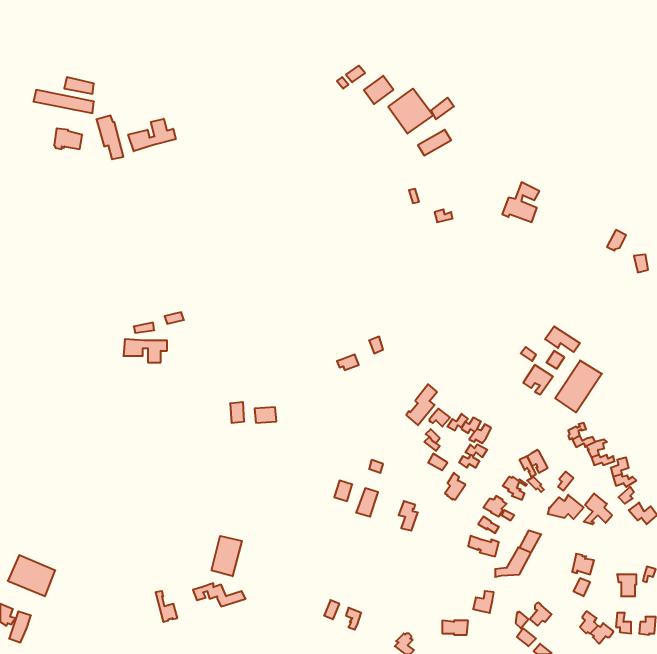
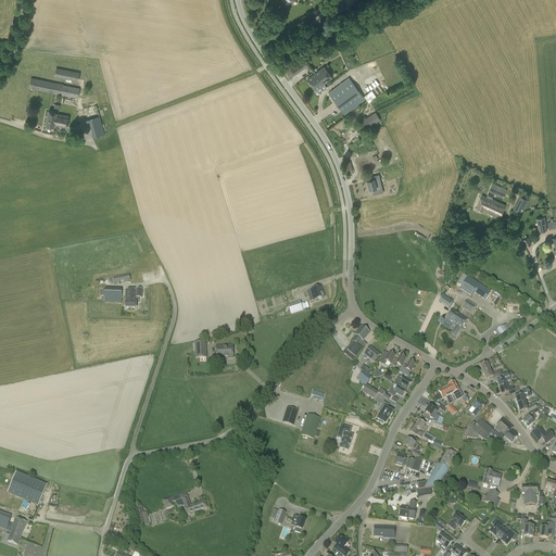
building: [128,119,176,151] -> none
building: [502,182,539,222] -> [476,180,507,214]
building: [555,360,602,412] -> none
building: [212,536,242,576] -> none

